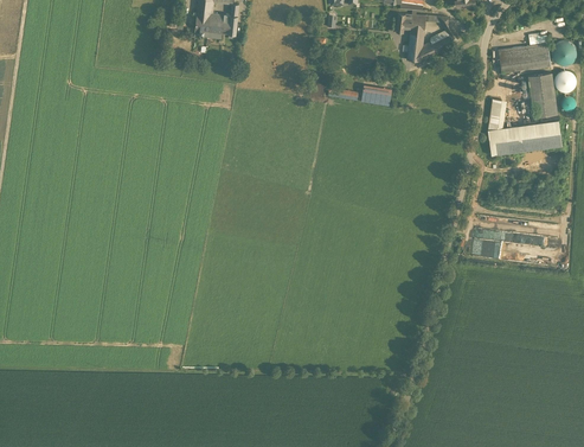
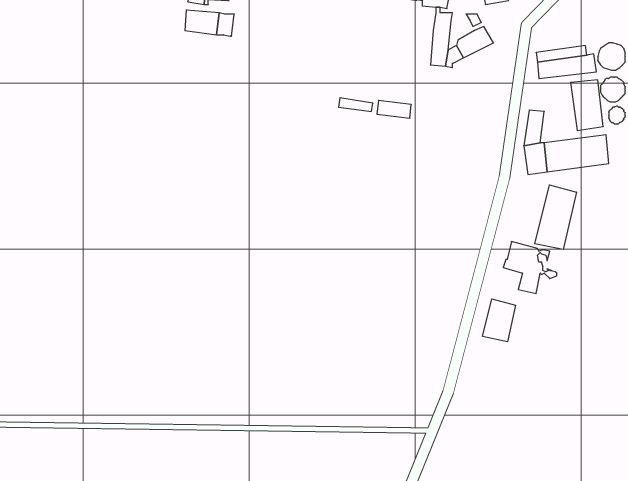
building: none -> [535,185,576,249]
building: none -> [483,299,516,342]

